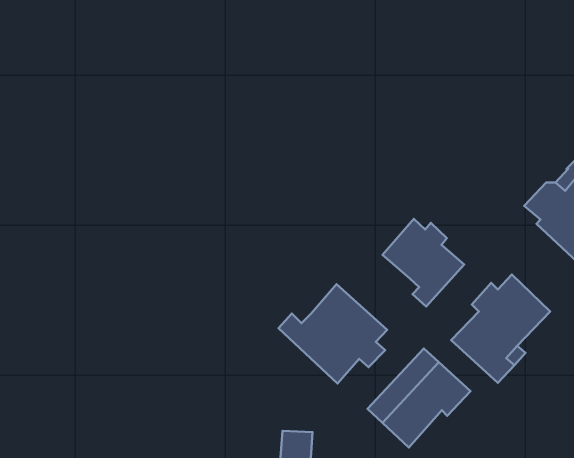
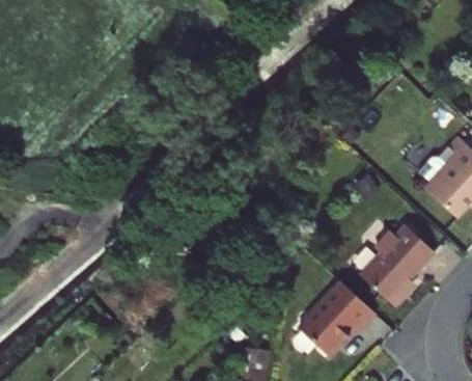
building: [382,219,464,306] -> none
building: [278,284,387,383] -> none

